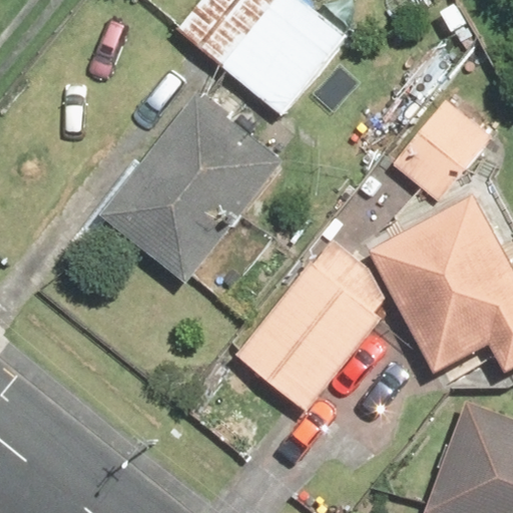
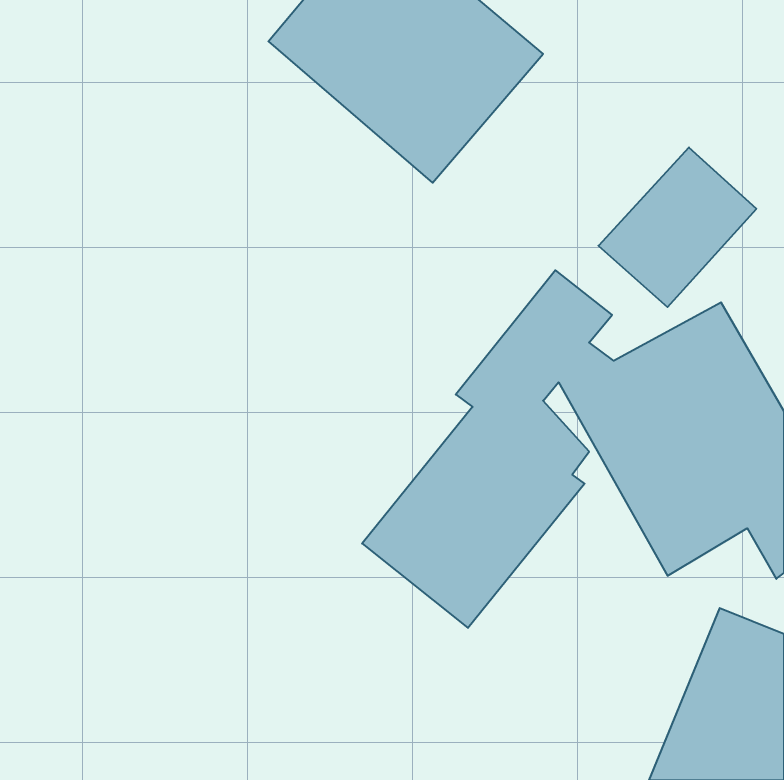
building: [96,88,288,288] -> none

